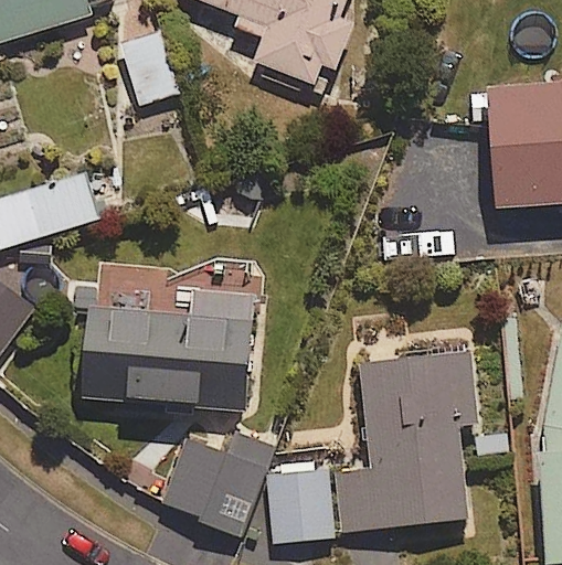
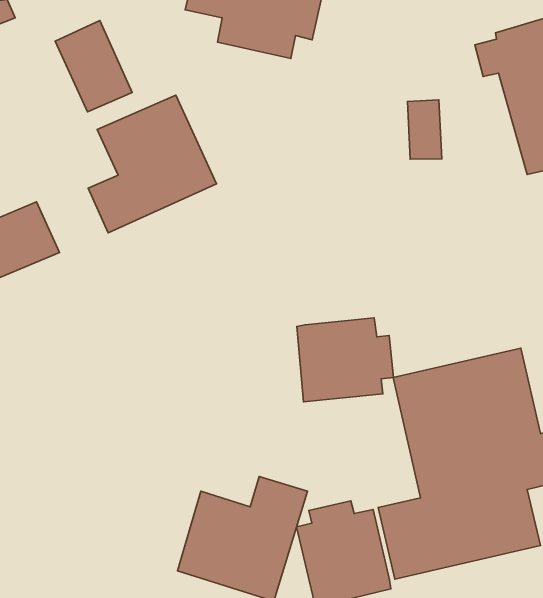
building: none -> [88,95,217,233]
building: [81,290,254,406] -> none
building: none -> [297,318,394,402]

